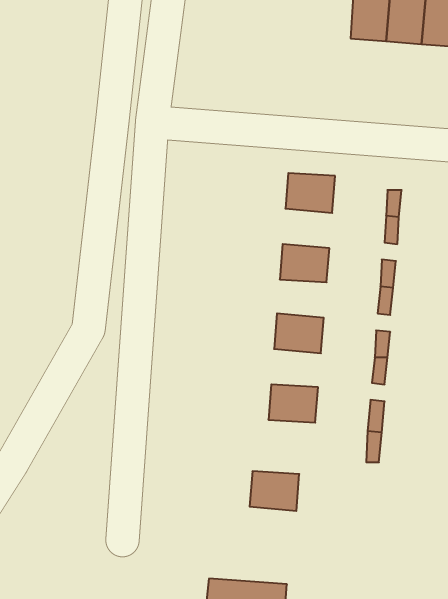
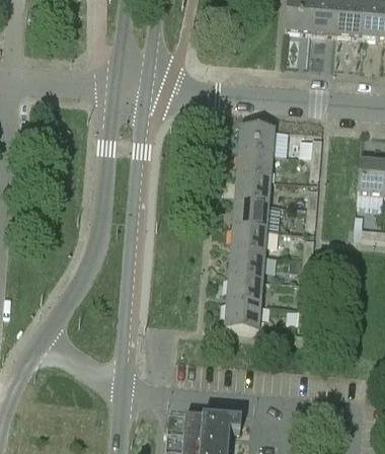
building: none -> [237,150,273,178]
building: none -> [233,201,268,228]
building: none -> [229,250,264,278]
building: [250,471,299,511] -> [225,301,260,329]

